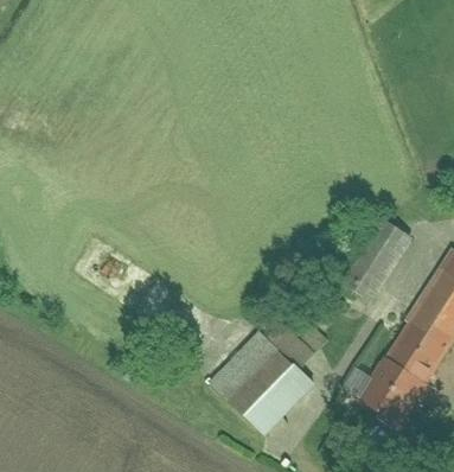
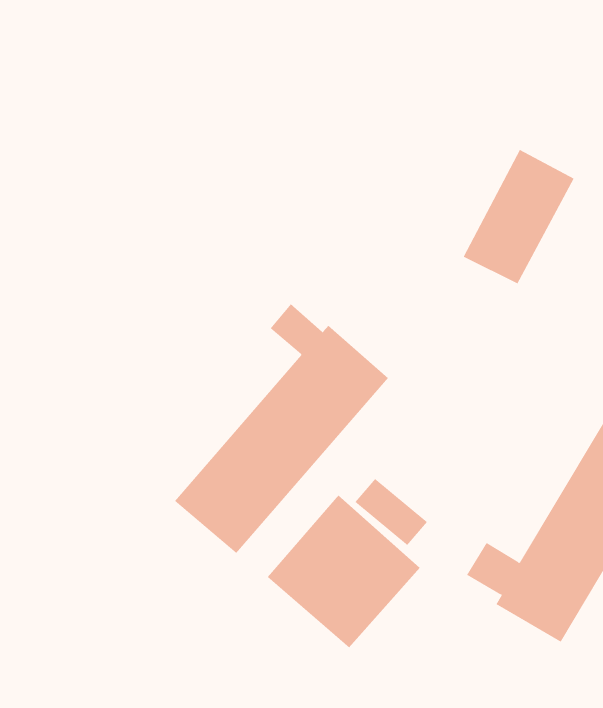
building: none -> [174,304,389,554]
building: [343,216,415,304] -> [463,149,574,284]

